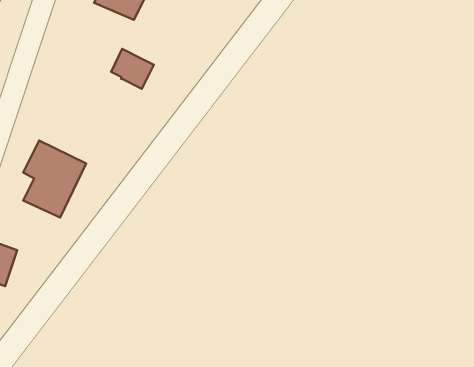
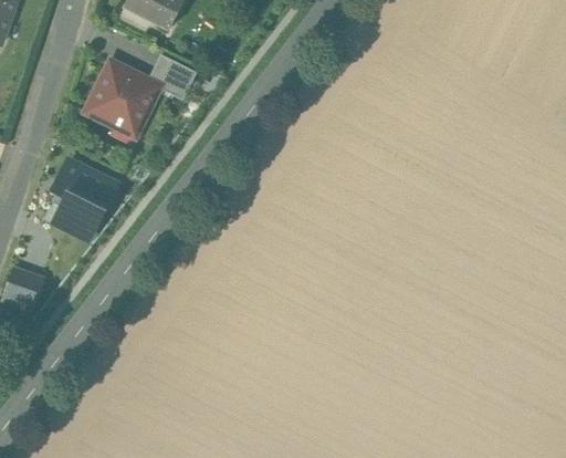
building: none -> [83,63,156,129]

